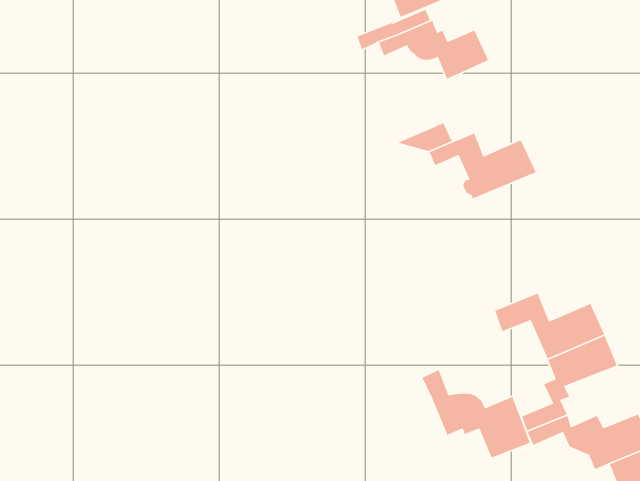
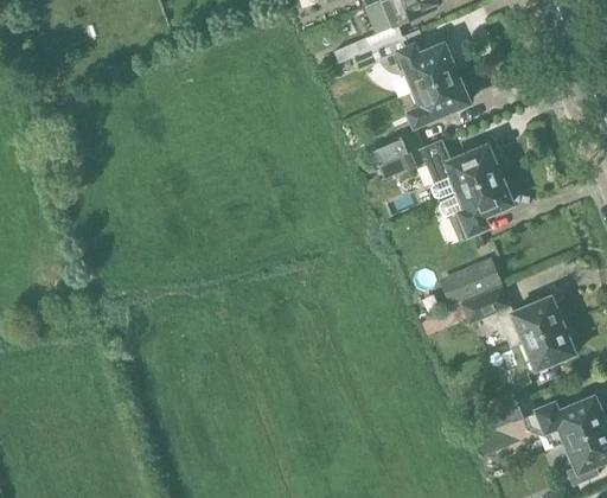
building: none -> [410,72,469,123]
building: none -> [441,175,512,238]
building: none -> [441,257,505,306]
building: [421,369,531,459] -> none

